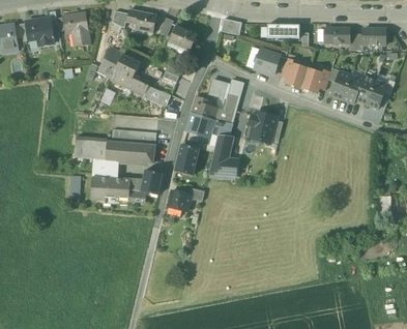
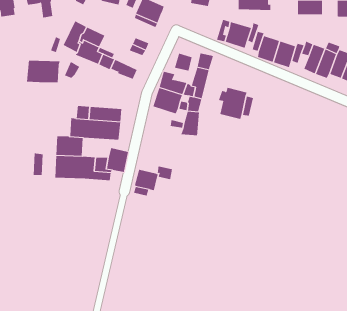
building: [75,137,108,158] -> [26,60,61,83]
building: [176,144,199,175] -> none
building: [208,157,236,177] -> none

